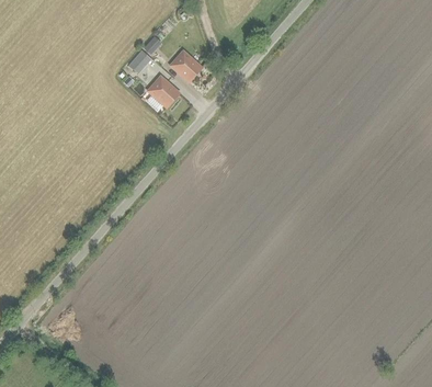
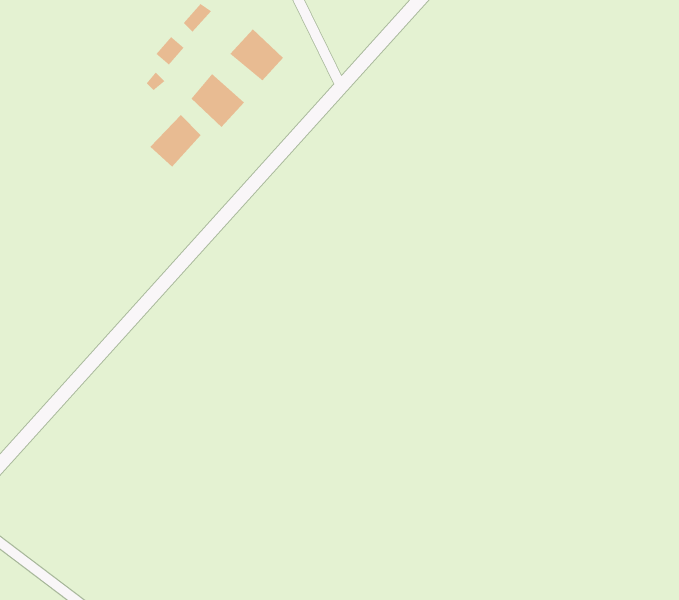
building: none -> [150,114,201,167]

